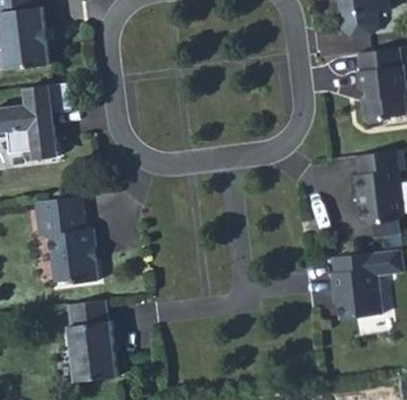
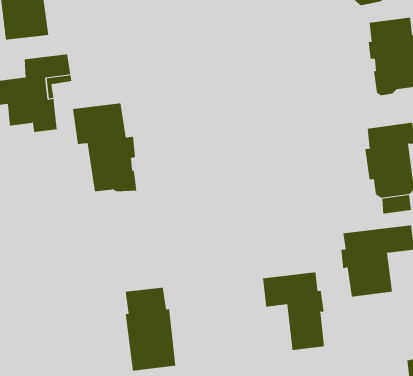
building: [32,196,95,282] -> [72,103,137,192]
building: none -> [262,271,324,351]
building: [66,301,116,382] -> [125,287,176,371]

